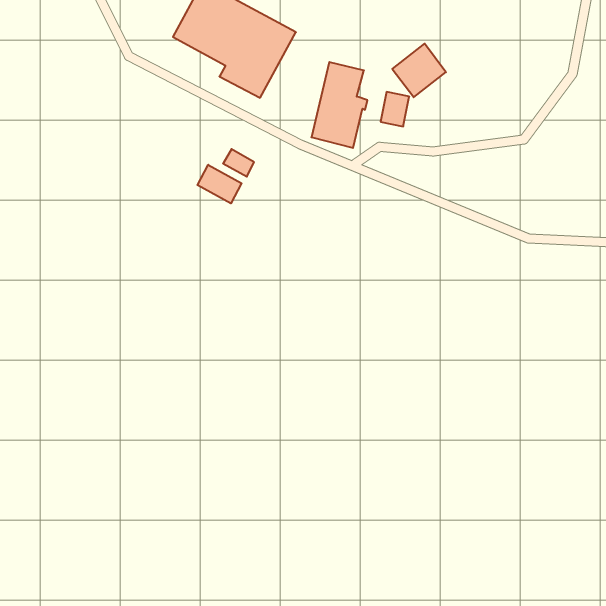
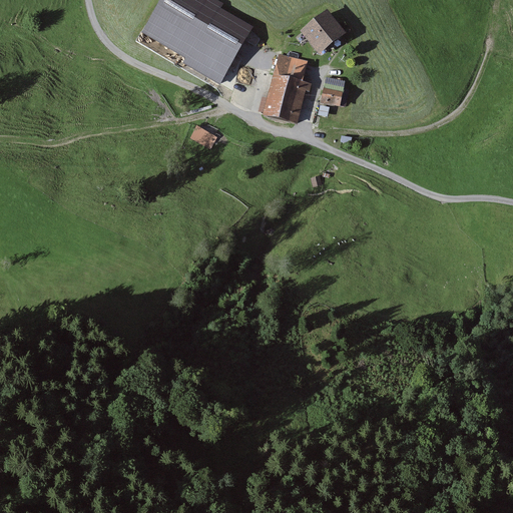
building: [392,44,446,97] -> [302,10,347,55]
building: [197,165,242,203] -> none

